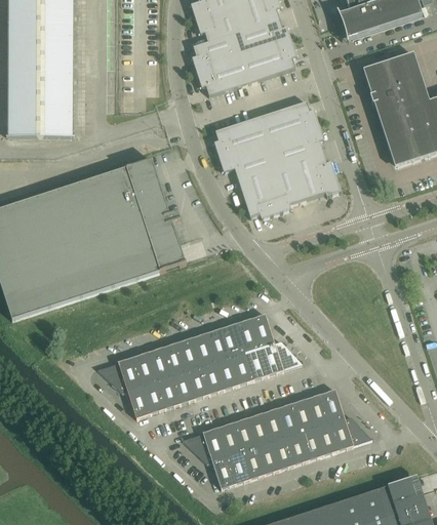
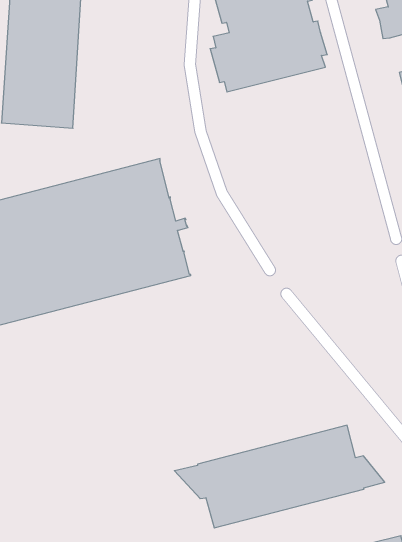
building: [214,102,341,218] -> none
building: [98,314,303,417] -> none

